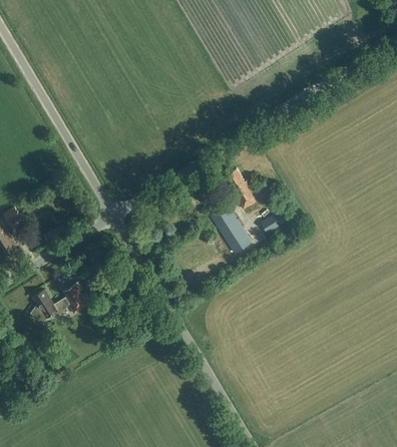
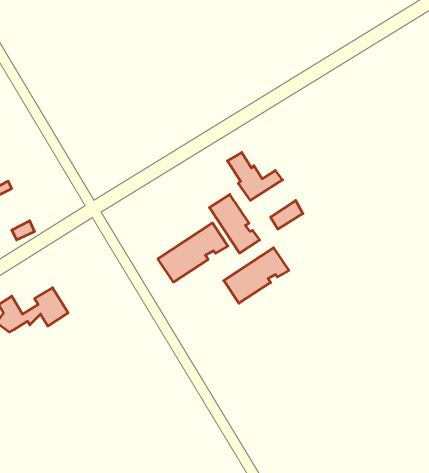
building: none -> [158,223,228,282]
building: none -> [224,248,289,303]

